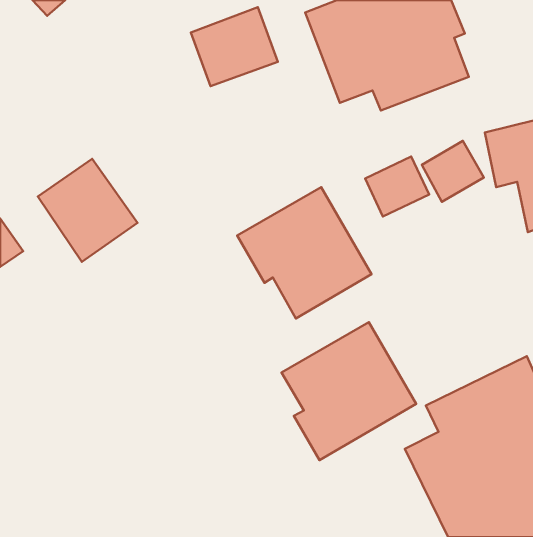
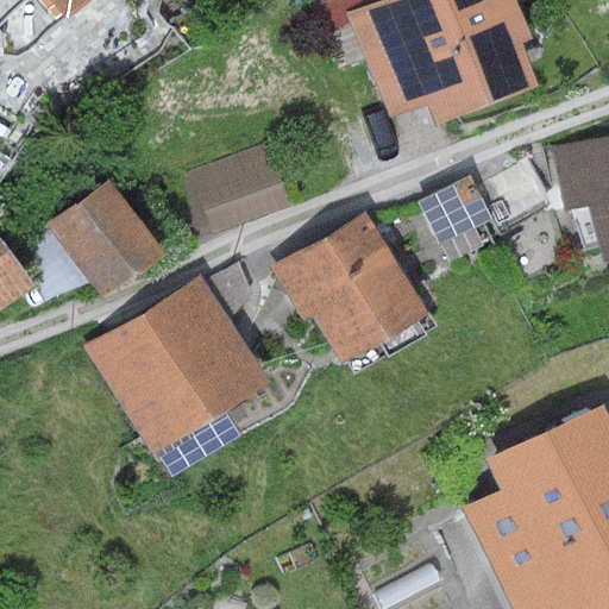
building: [191,7,278,86] -> [192,145,290,234]
building: none -> [87,278,265,452]
building: [281,322,416,460] -> none

